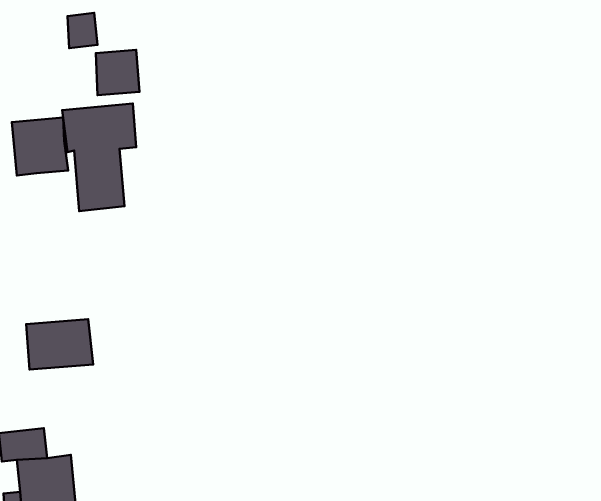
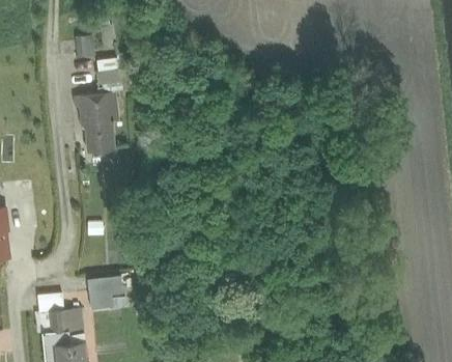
building: [12,118,68,175] -> none
building: [26,319,93,370] -> [85,278,126,309]

